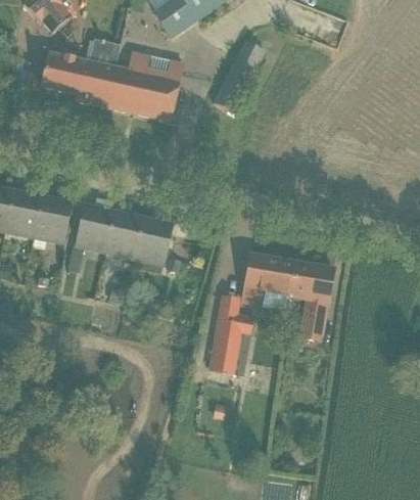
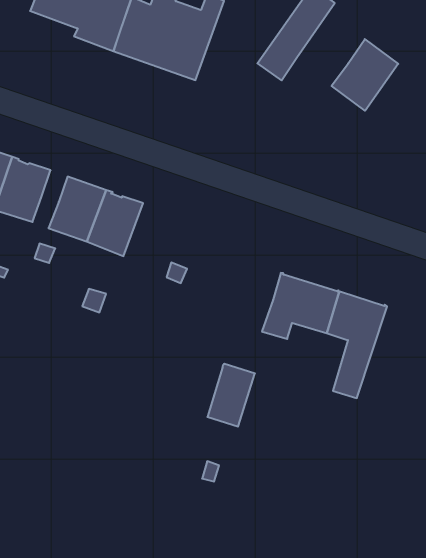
building: none -> [332,39,398,111]
building: [133,217,172,264] -> none
building: [218,294,252,332] -> none

